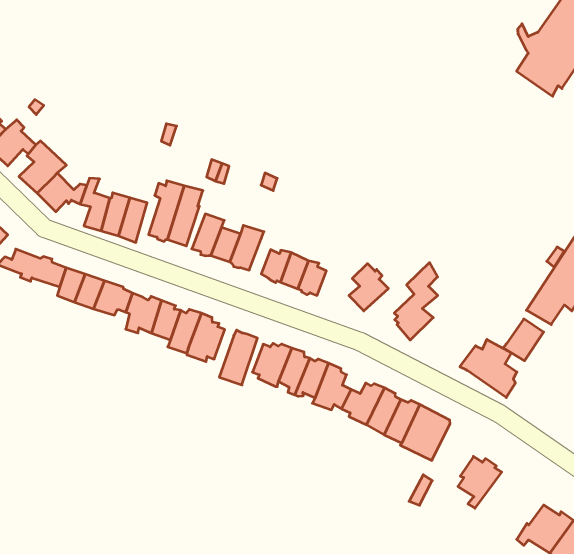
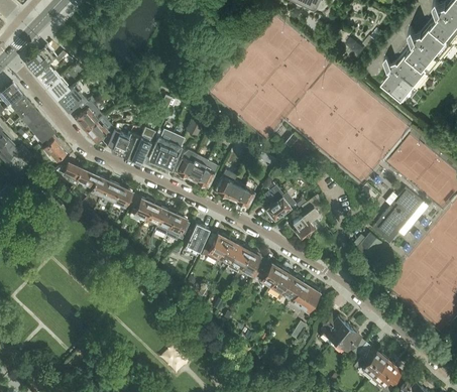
building: [460,339,517,398] -> none
building: none -> [330,323,361,351]

